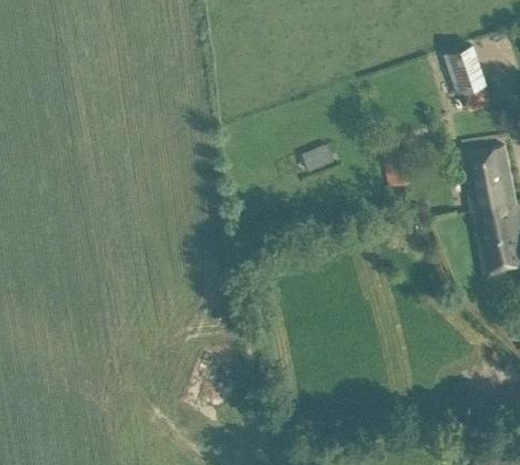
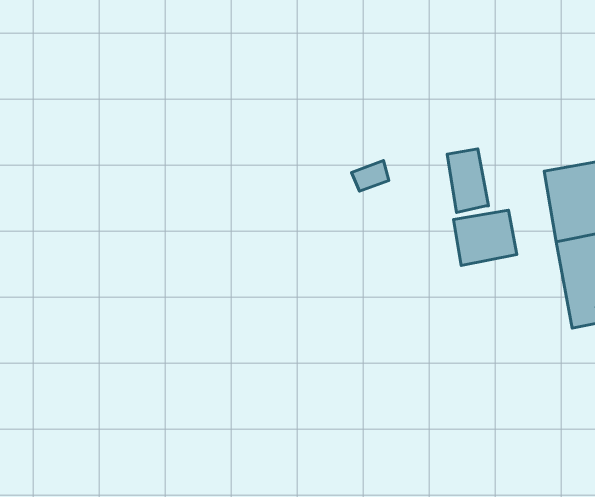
building: [444,45,493,113] -> none
building: none -> [453,210,517,265]

